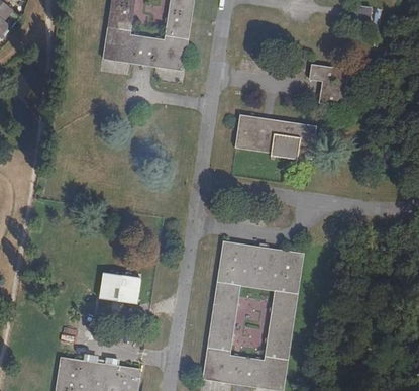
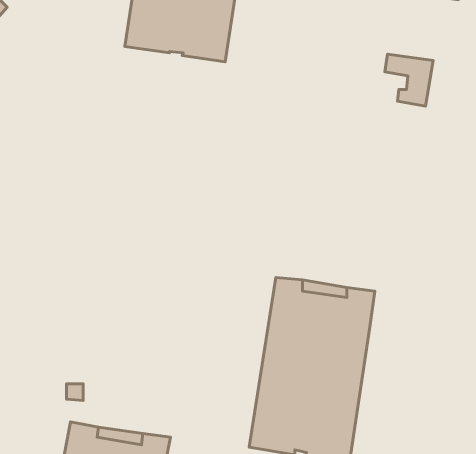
building: [235,115,316,160] -> none
building: [95,271,138,301] -> none

